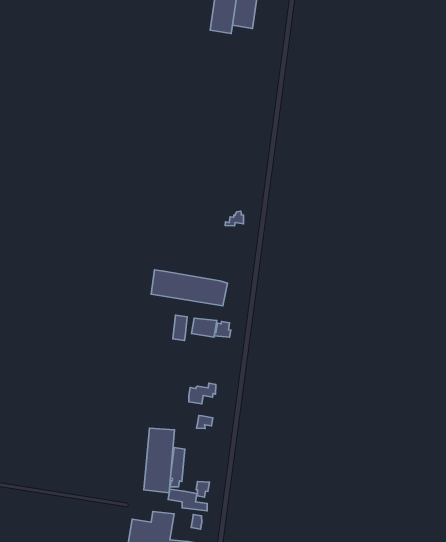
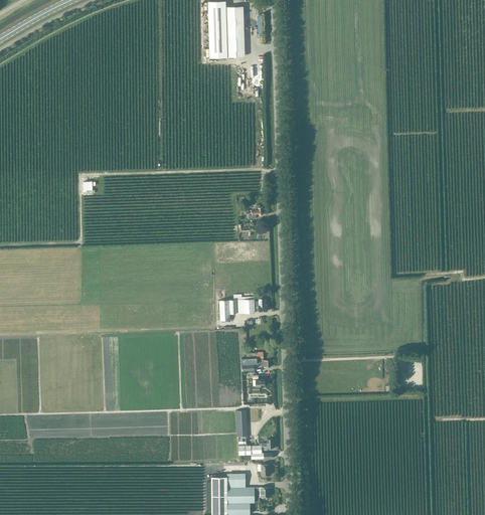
building: [151,270,227,306] -> none
building: [144,428,175,493] -> none

